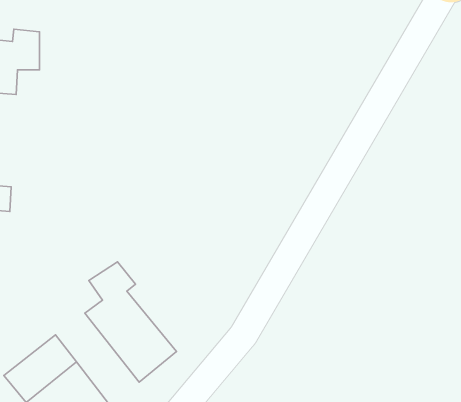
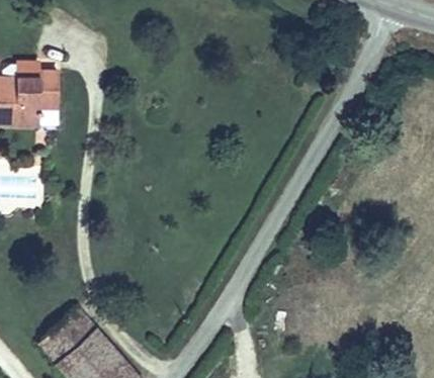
building: [85,262,177,382] -> none

